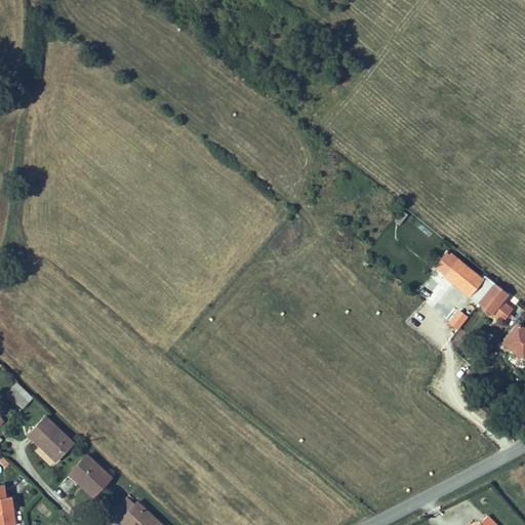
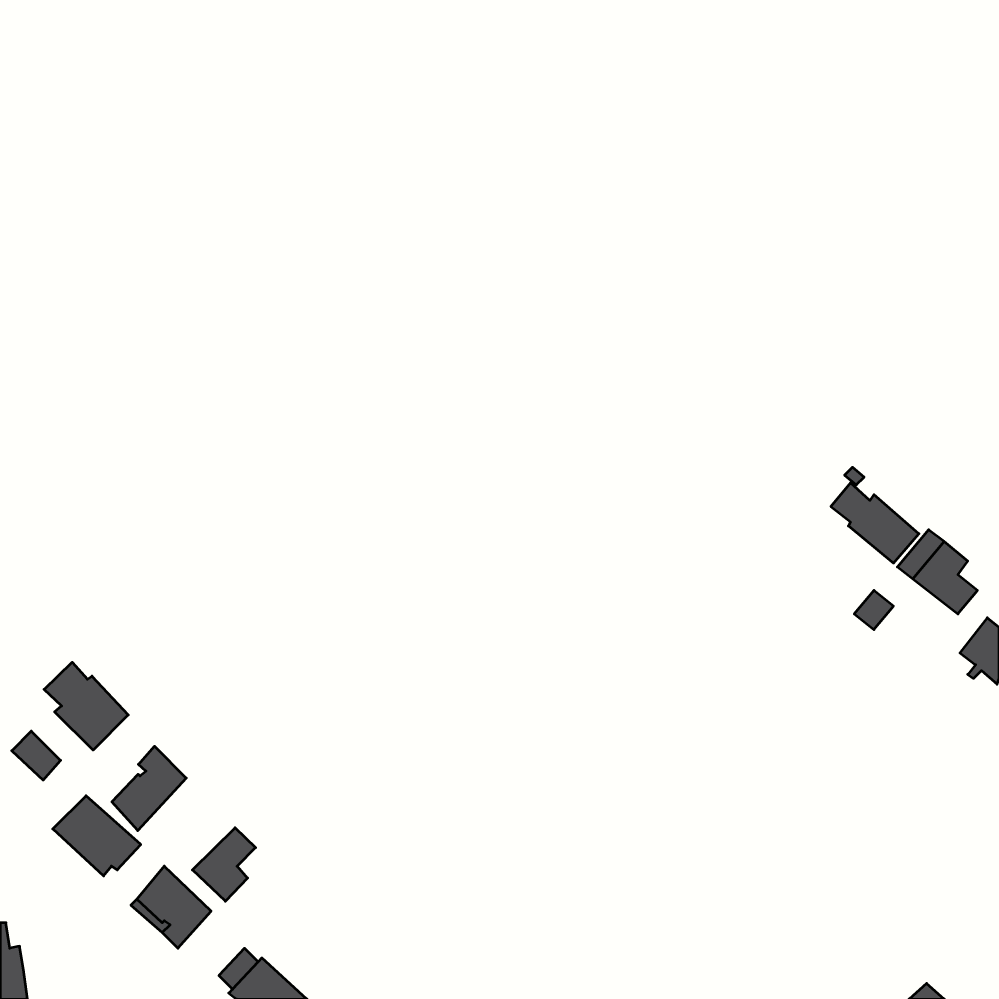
building: none -> [44,662,128,750]
building: none -> [112,746,186,831]
building: none -> [192,828,256,901]

